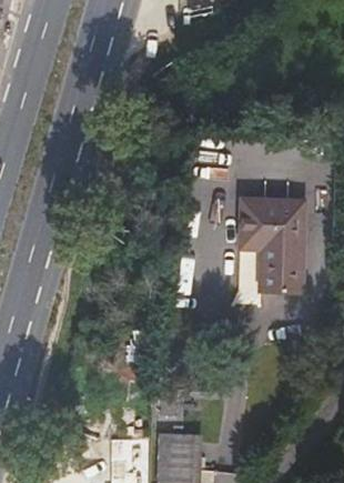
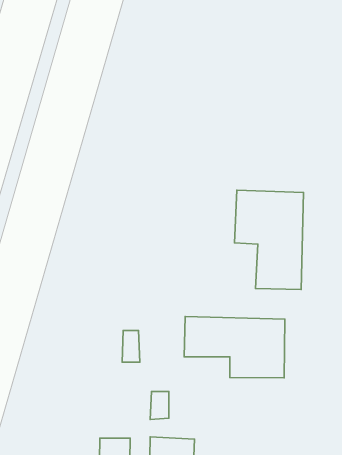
building: none -> [184,317,285,378]

